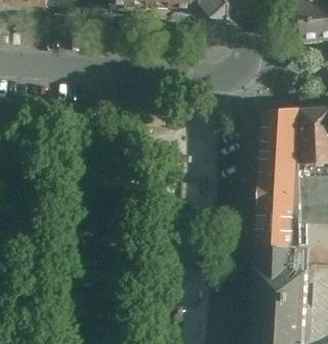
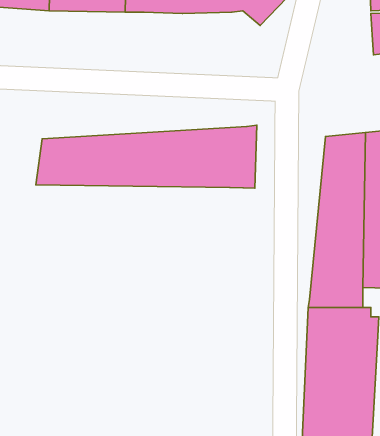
building: none -> [36,125,257,188]

